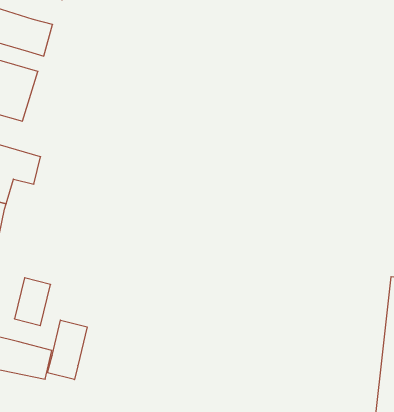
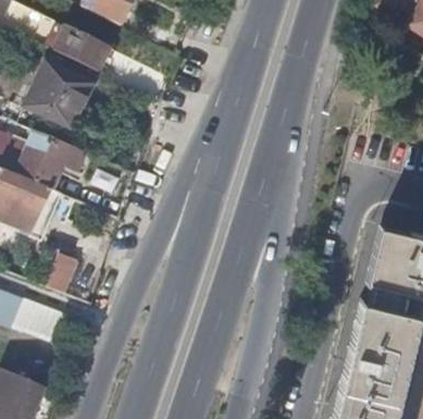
building: [48,320,87,380] -> none

